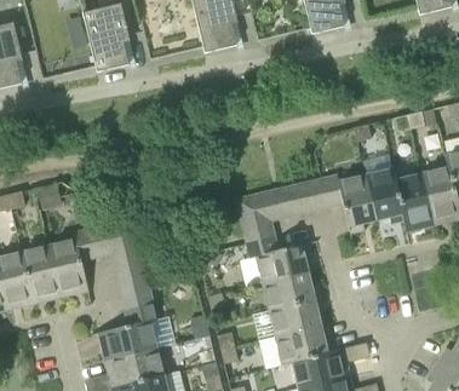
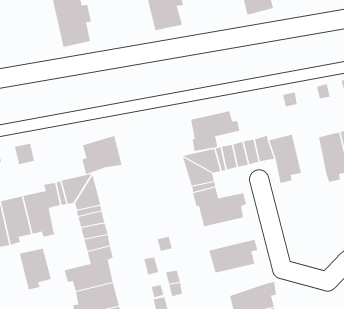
building: none -> [190,110,240,152]
building: [365,167,403,222] -> none
building: none -> [82,135,122,175]
building: [260,271,321,310] -> none
building: none -> [19,248,52,290]
building: [274,326,333,366] -> none

